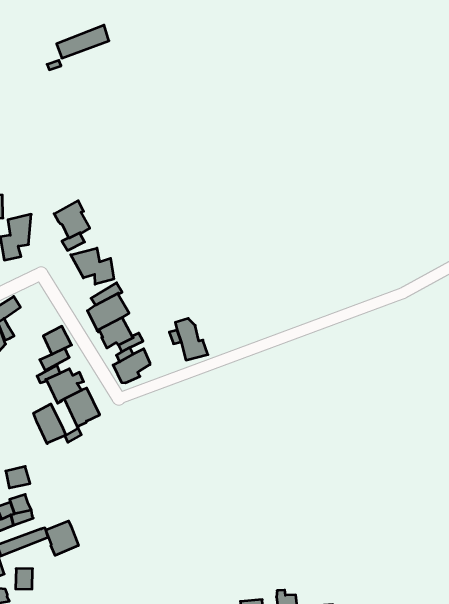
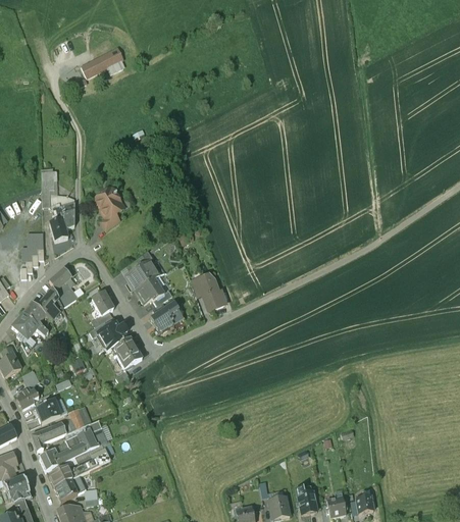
building: [71,248,114,284] -> none
building: [34,404,66,444] -> none
building: [46,521,78,555] -> none

